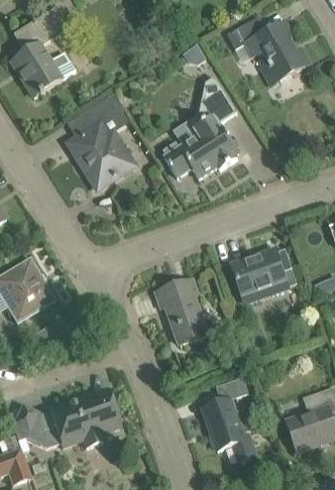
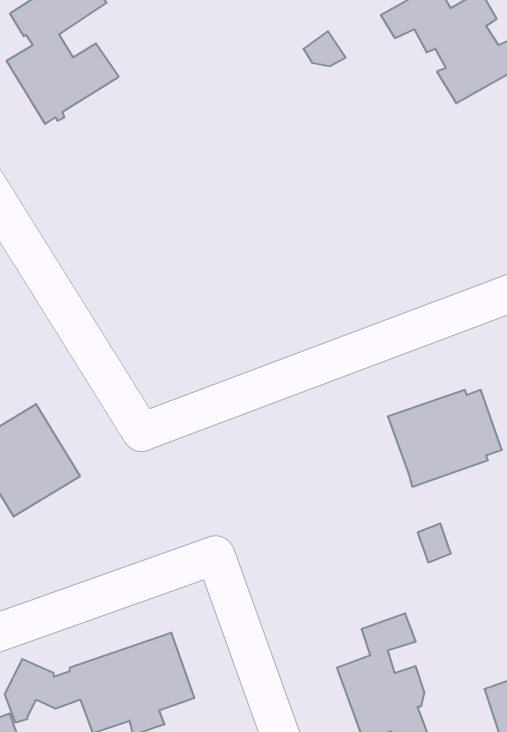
building: [162,76,238,177] -> none
building: [69,93,135,189] -> none
building: [155,278,208,344] -> none

